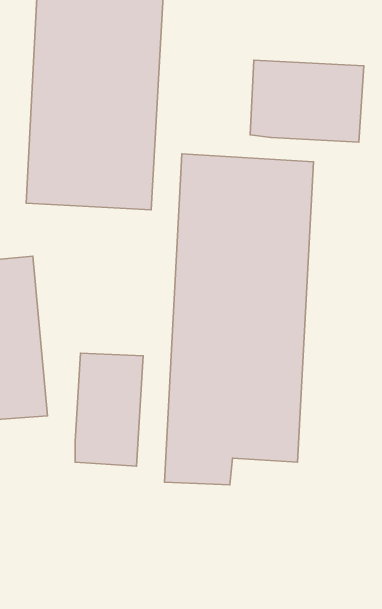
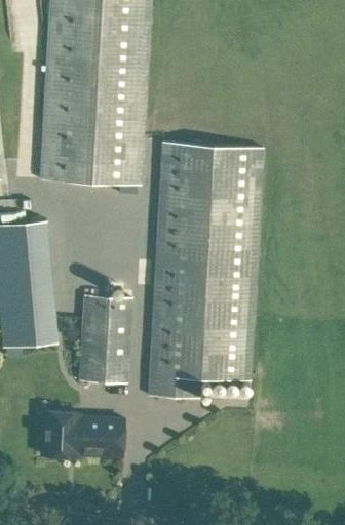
building: [250,60,364,142] -> none
building: none -> [39,412,125,456]

